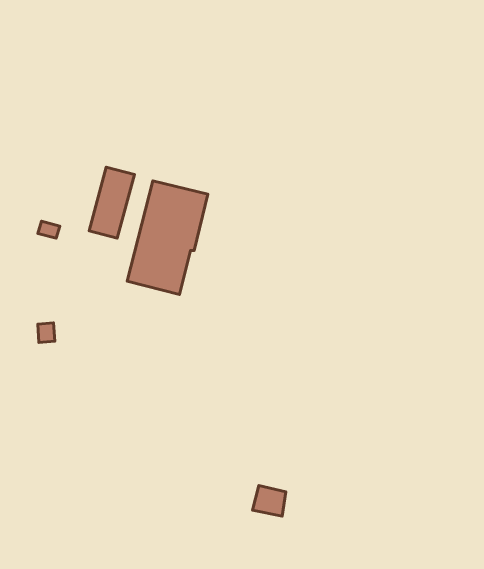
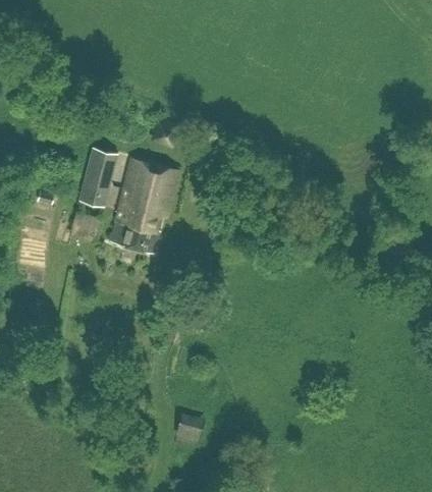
building: [253,486,286,516] -> [174,415,202,440]

